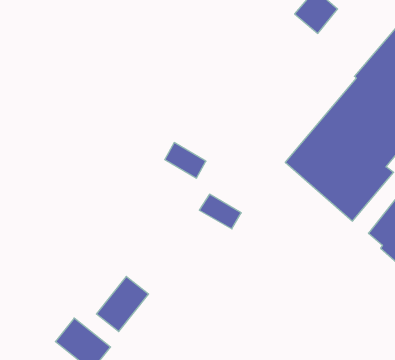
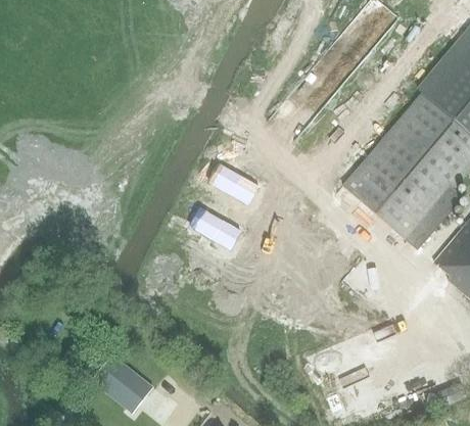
building: [199,194,241,229] -> [191,206,237,244]
building: [96,276,149,332] -> none

